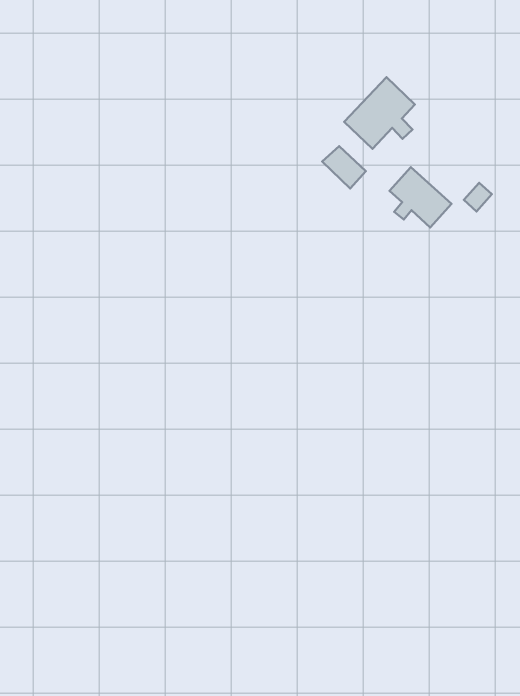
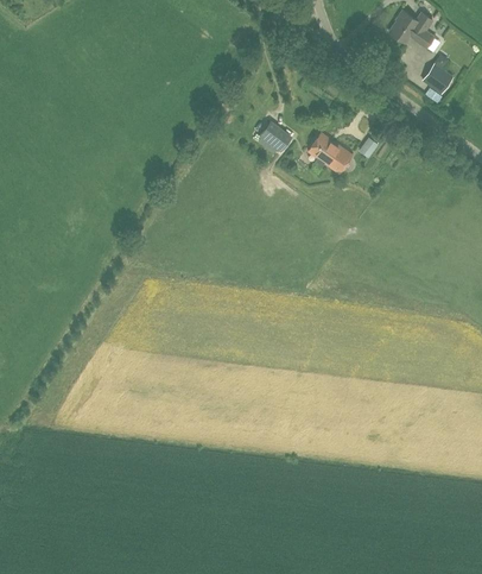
building: [344,77,415,149] -> none

